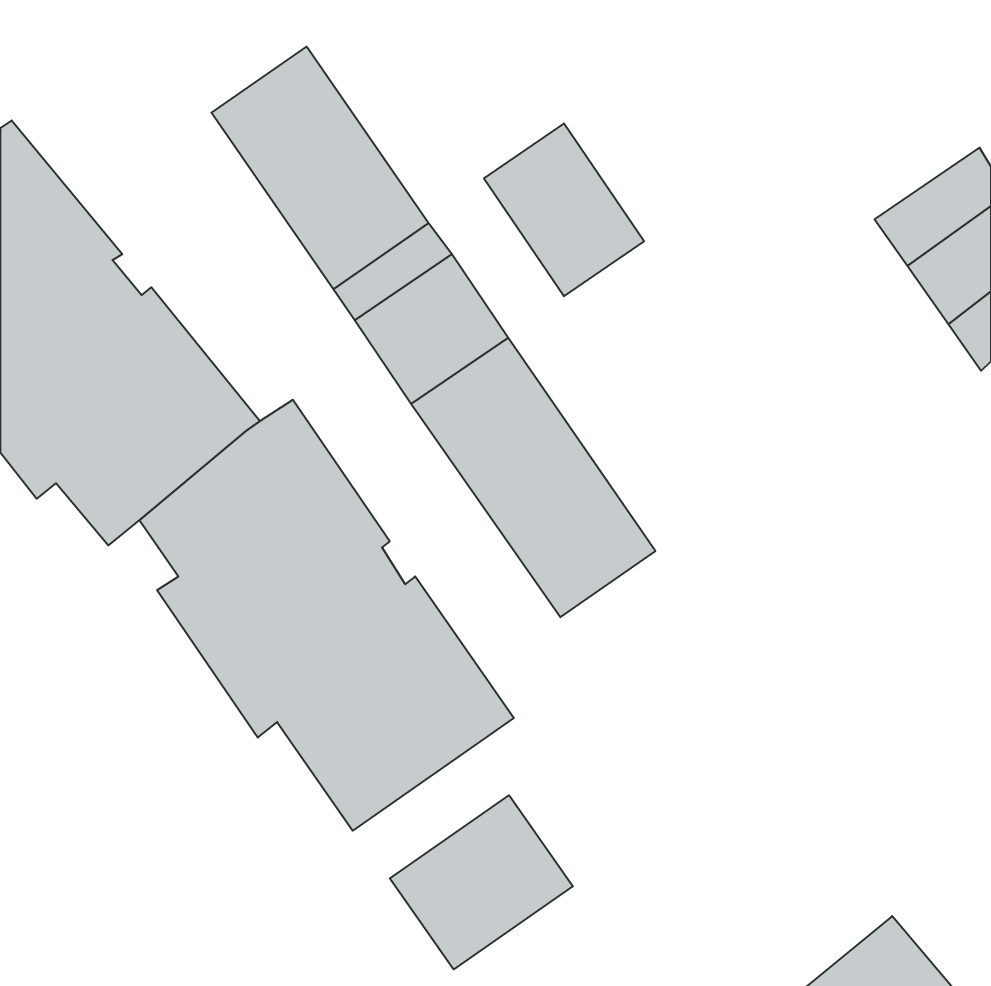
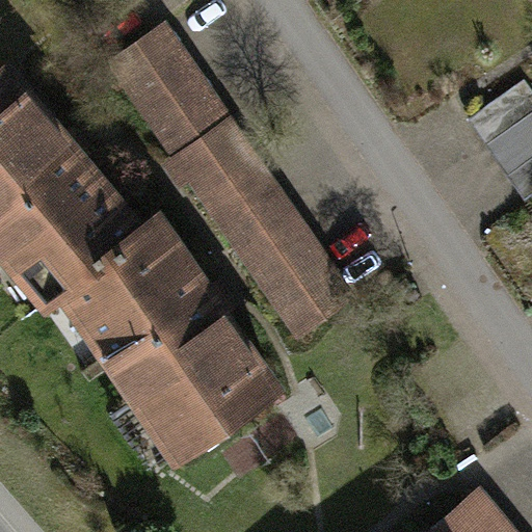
building: [484,123,644,296] -> none
building: [390,795,573,969] -> none

